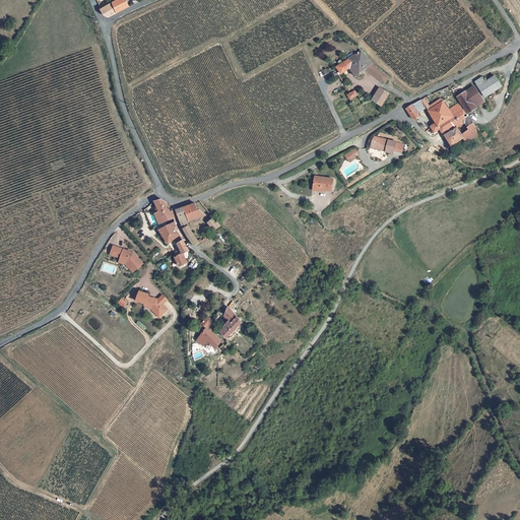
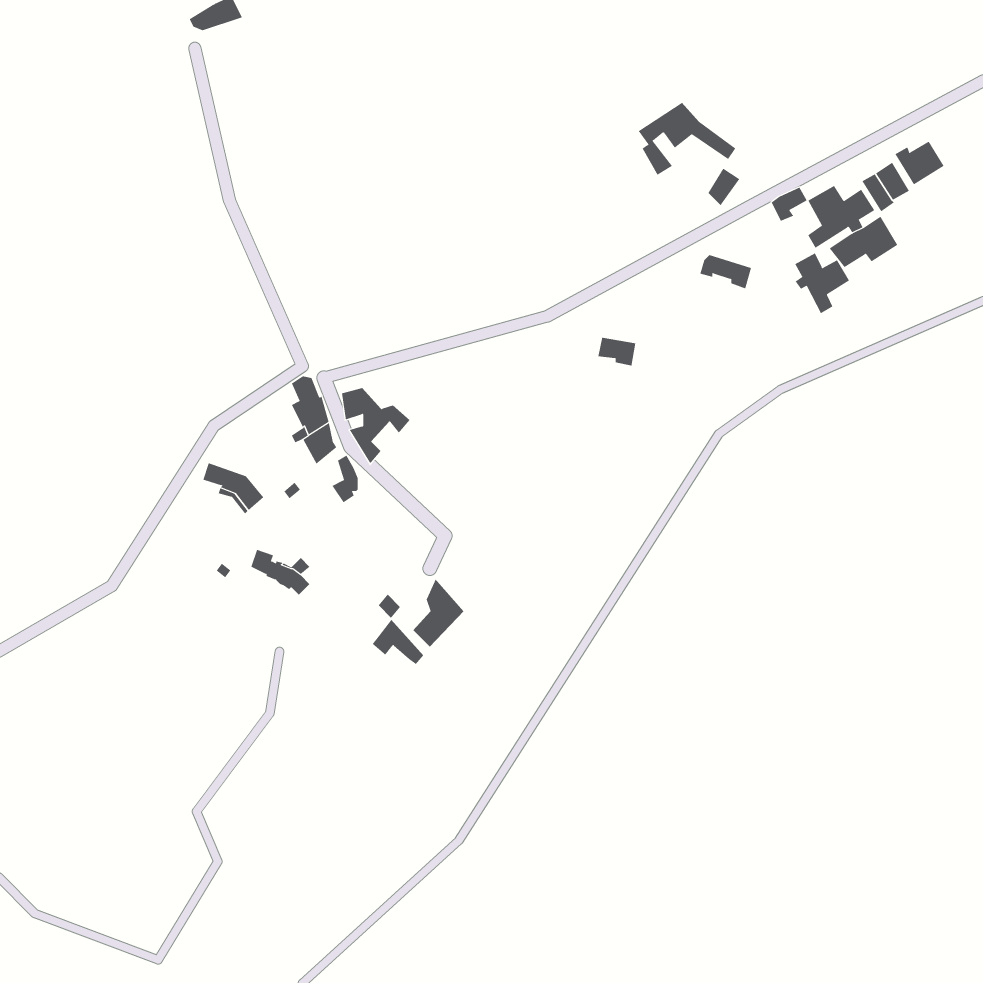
building: none -> [795,253,850,314]

